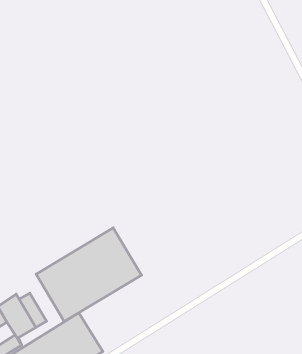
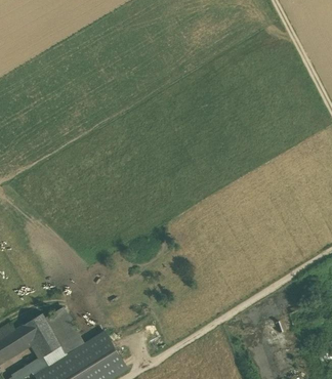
building: [36,228,141,322] -> none

